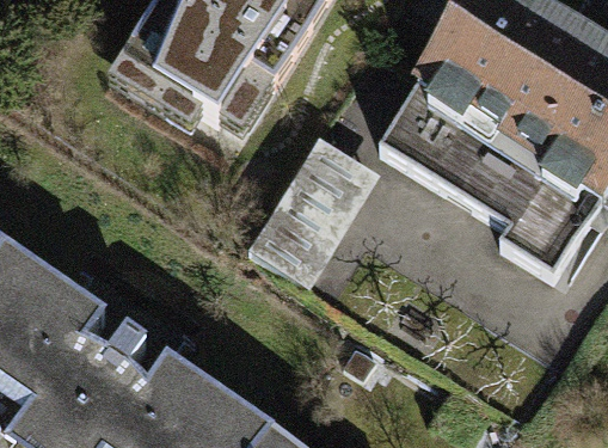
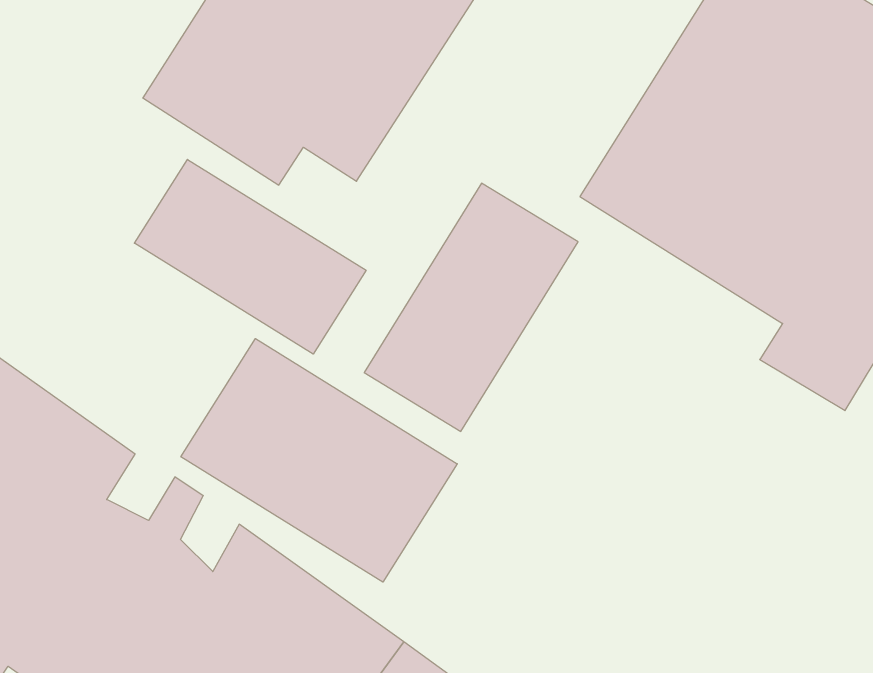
building: none -> [134,159,366,354]
building: none -> [181,339,457,582]

